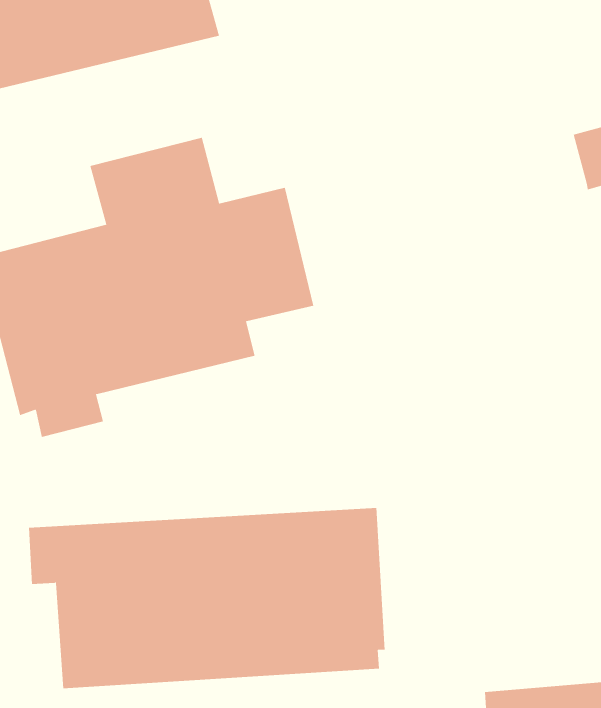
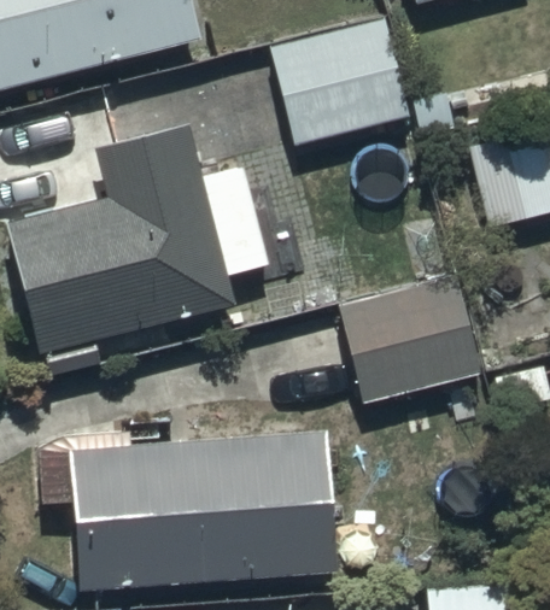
building: none -> [270,18,416,148]
building: none -> [338,274,482,403]

